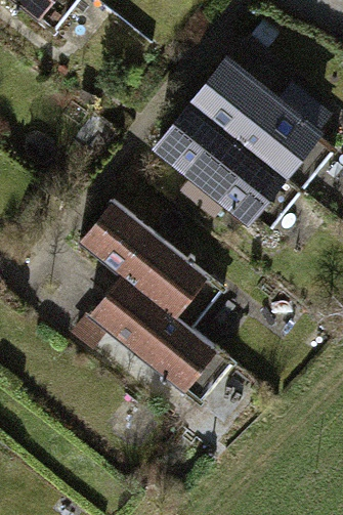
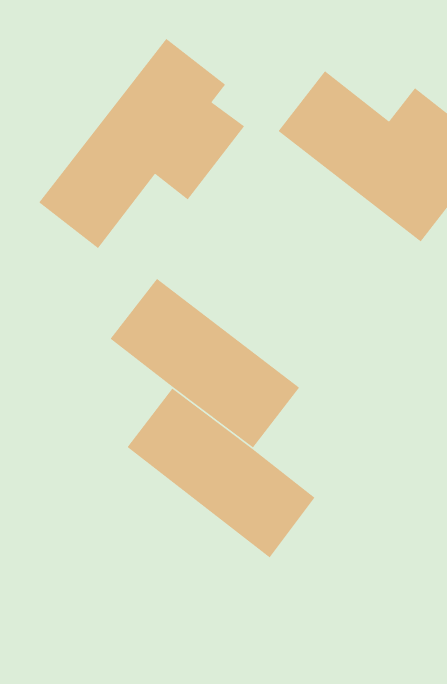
building: none -> [38,38,245,249]
building: [161,104,289,220] -> none

